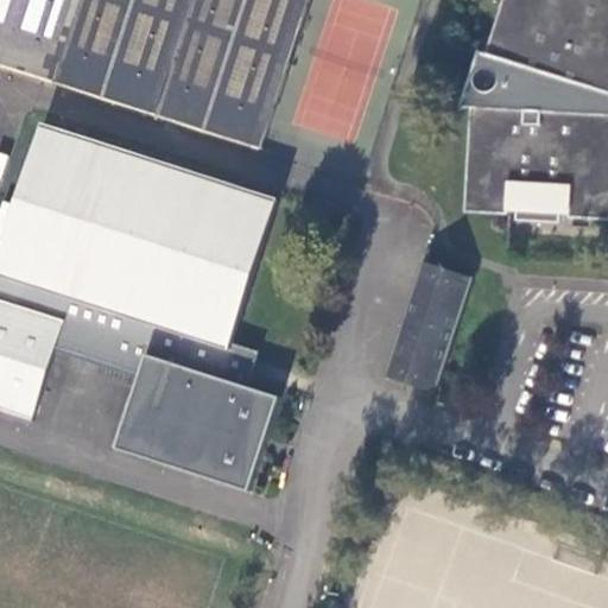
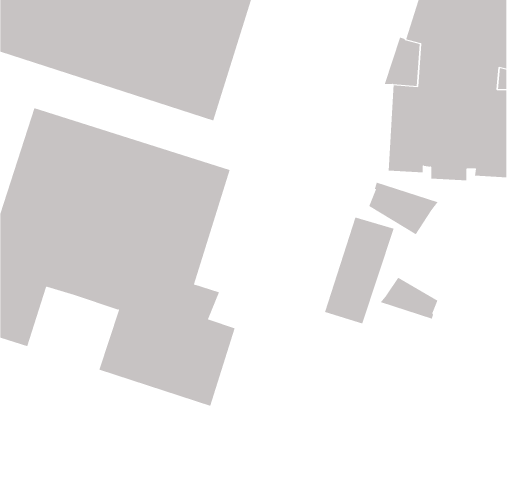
building: none -> [369,182,439,235]
building: none -> [380,277,438,319]

